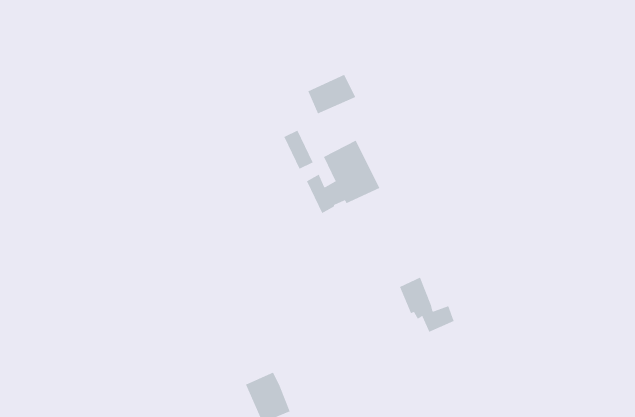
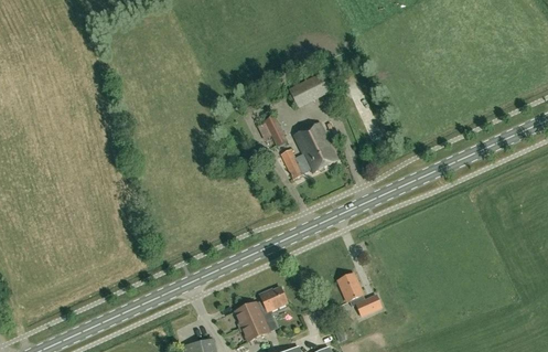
building: [399,277,455,332] -> [337,273,380,316]
building: none -> [256,287,287,312]

